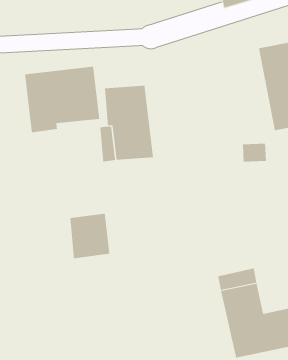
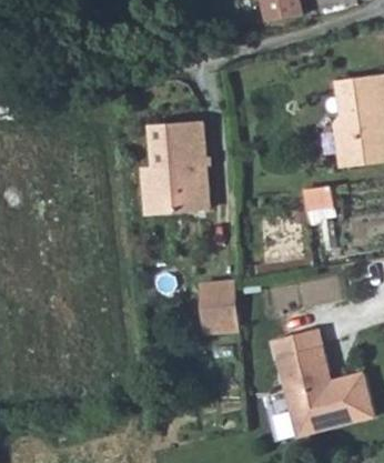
building: [25,66,100,133] -> none
building: [69,213,110,259] -> [193,279,241,332]

